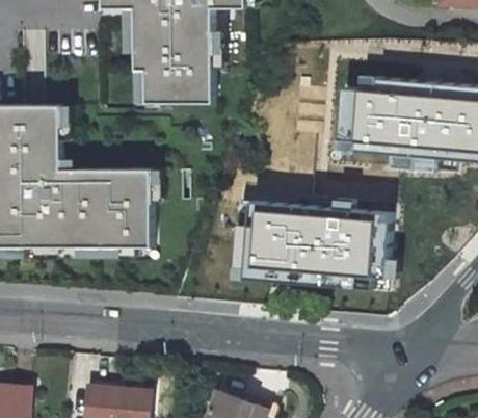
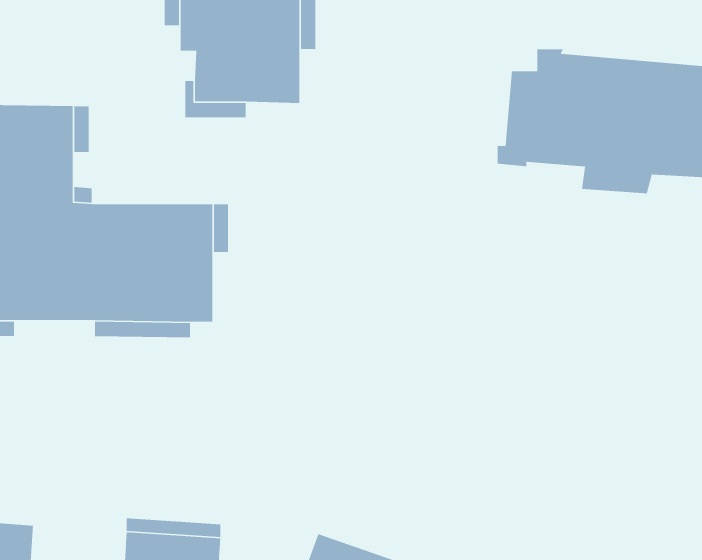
building: [233,194,398,284] -> none

